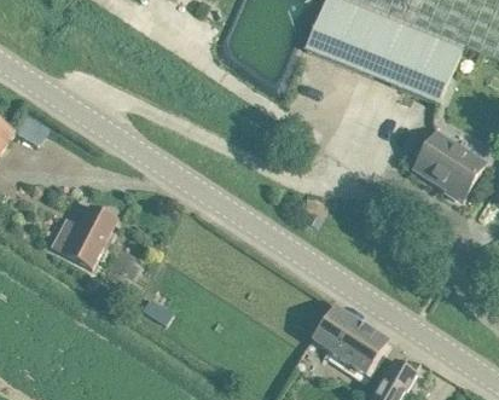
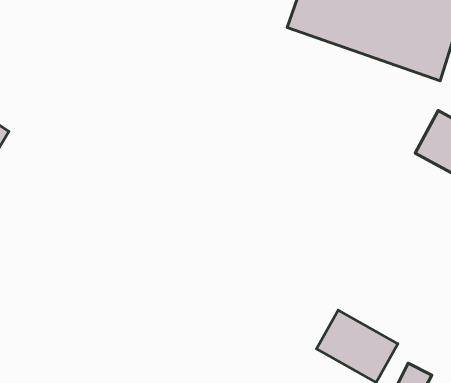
building: [53,204,117,267] -> none

